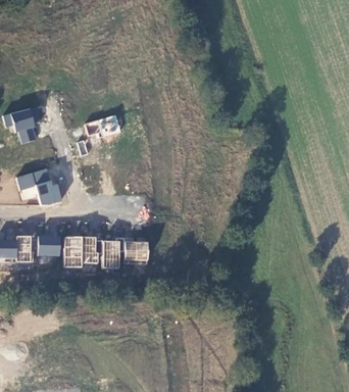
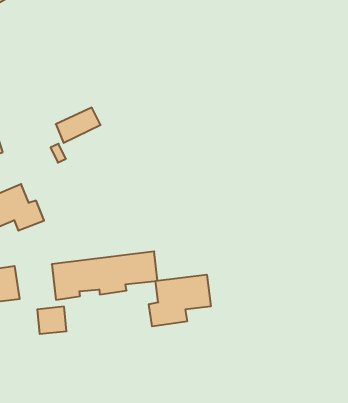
building: [37,235,60,256] -> [37,307,67,334]
building: none -> [149,275,211,326]

